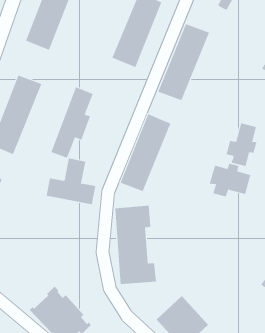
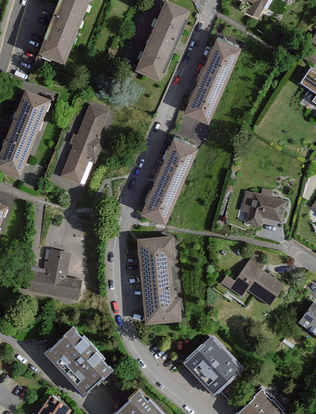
building: [226,122,257,167] -> none
building: [46,158,96,205] -> [29,248,85,300]
building: none -> [219,253,285,308]

